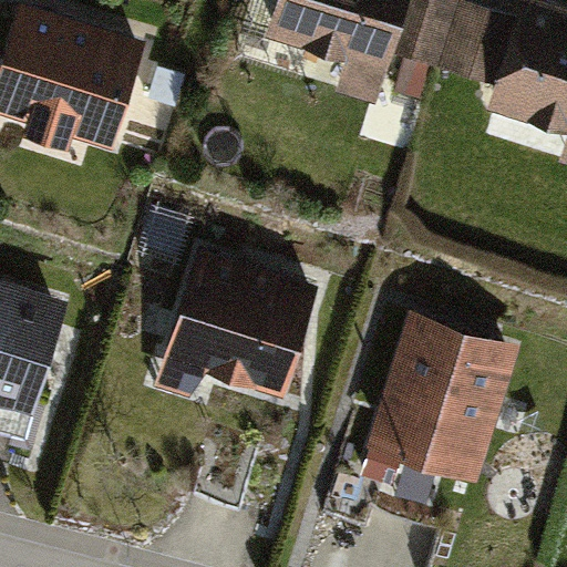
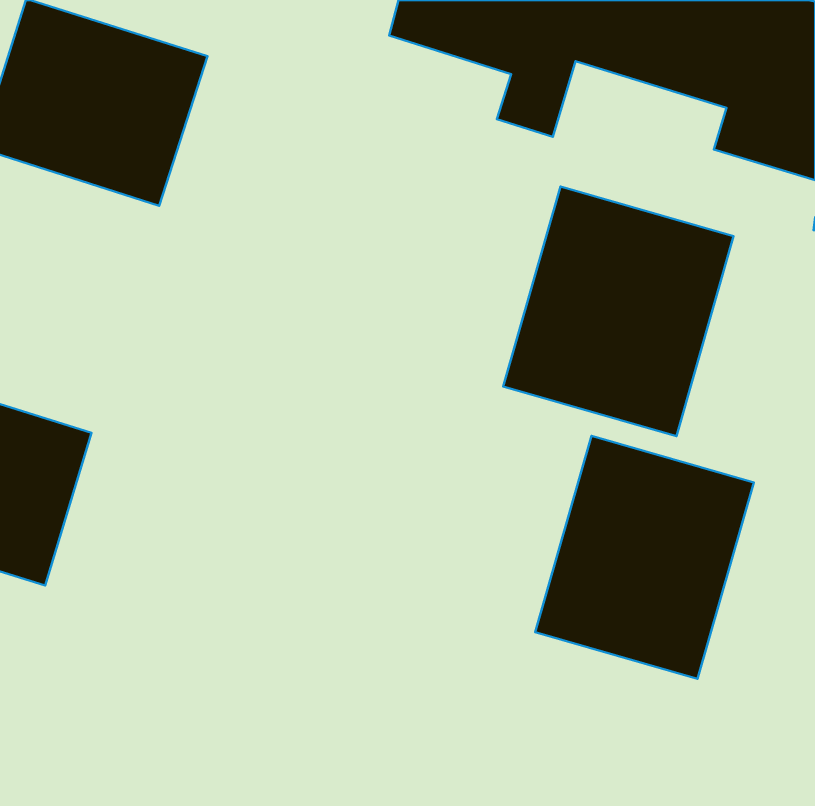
building: none -> [503,187,734,436]
building: [151,252,319,402] -> none

